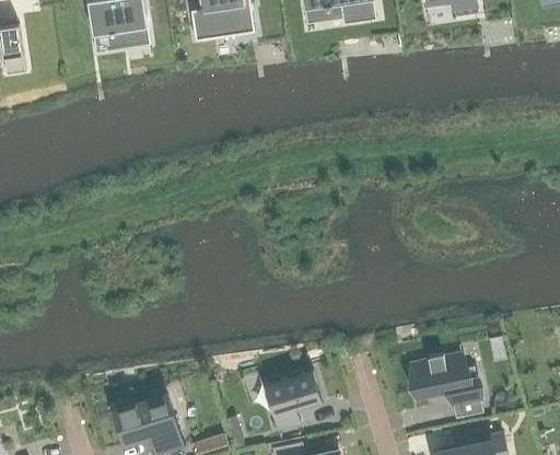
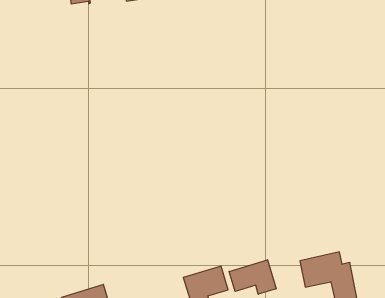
building: none -> [229,260,276,294]

